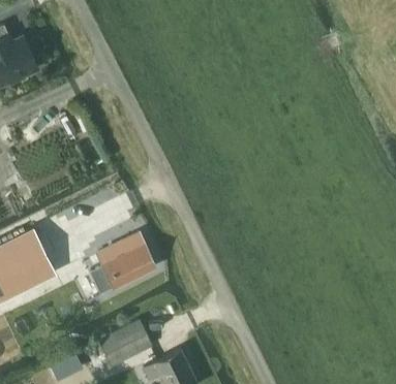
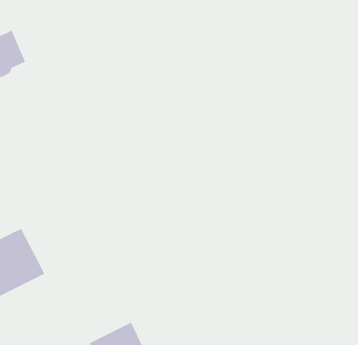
building: [90,234,155,294] -> none

